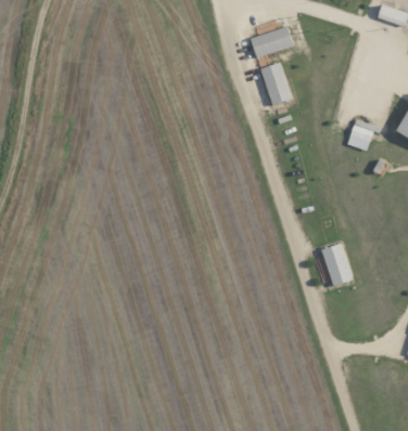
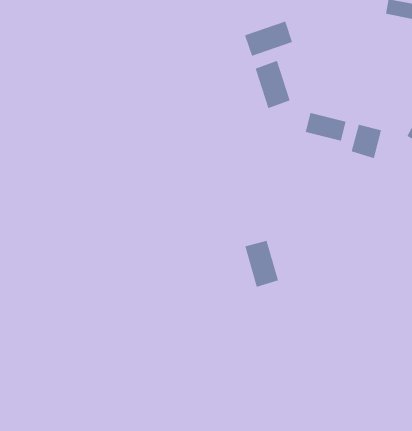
building: none -> [305,112,346,142]
building: [320,244,352,287] -> [244,240,279,288]

